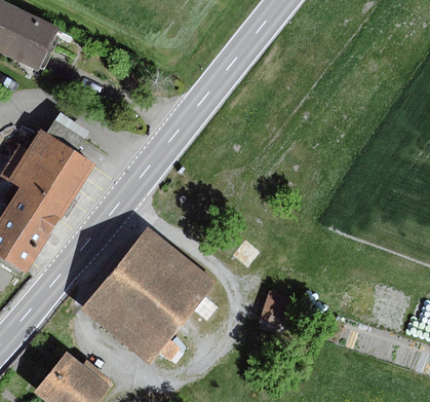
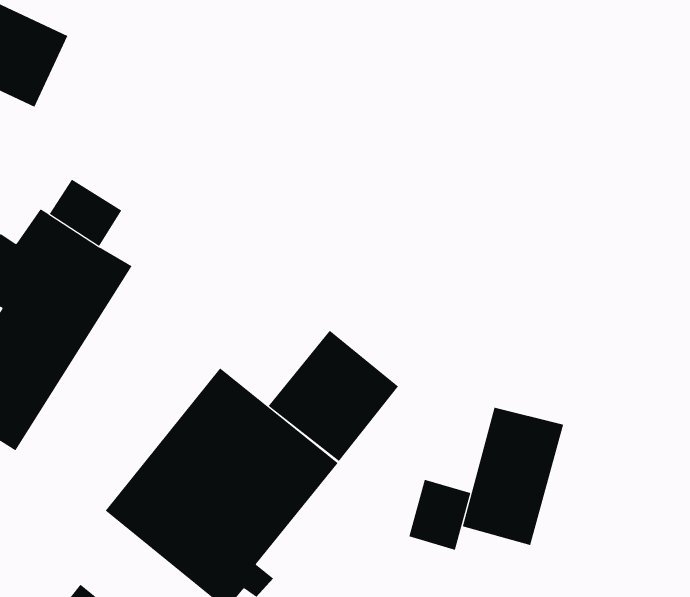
building: none -> [268,330,399,462]
building: none -> [462,407,564,546]

